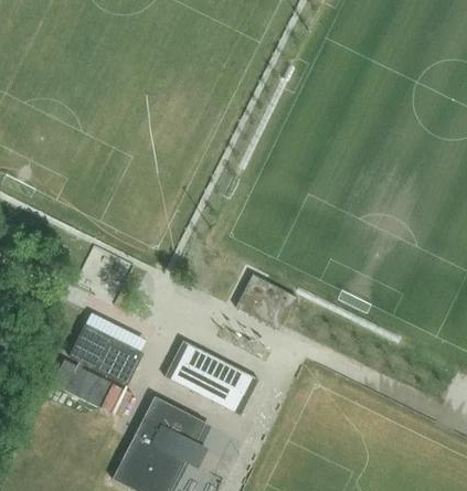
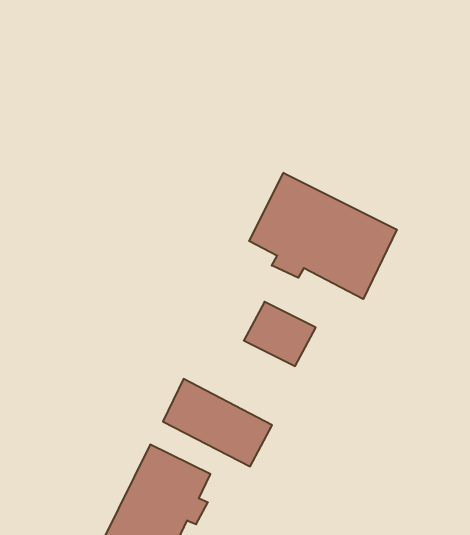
building: none -> [249,173,397,299]
building: [52,324,142,407] -> none

